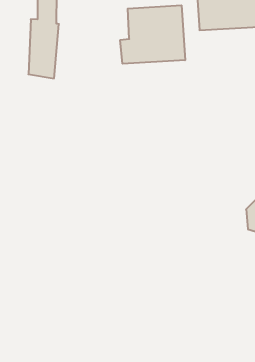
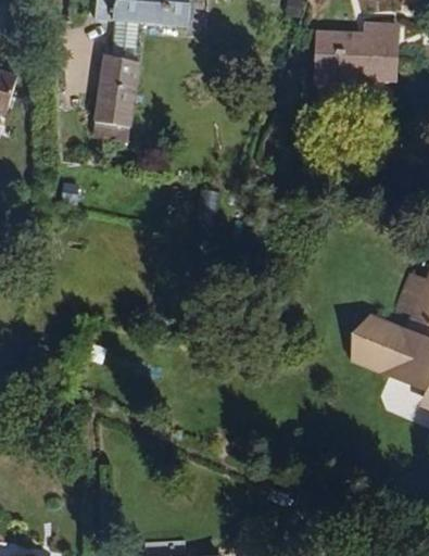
building: [120,5,185,64] -> none

